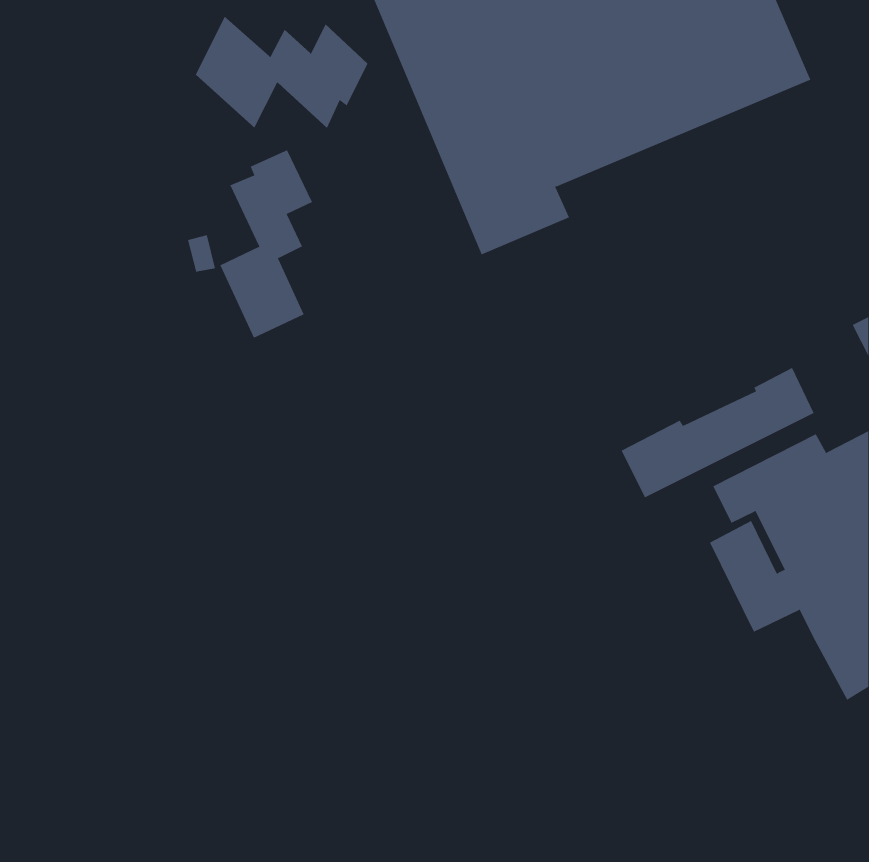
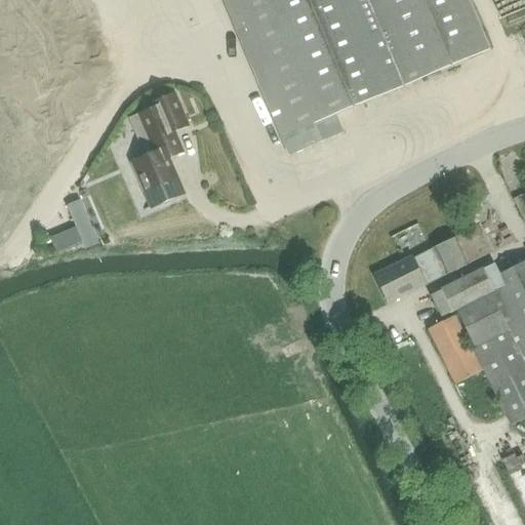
building: [195,16,368,129] -> none
building: none -> [51,197,99,252]

